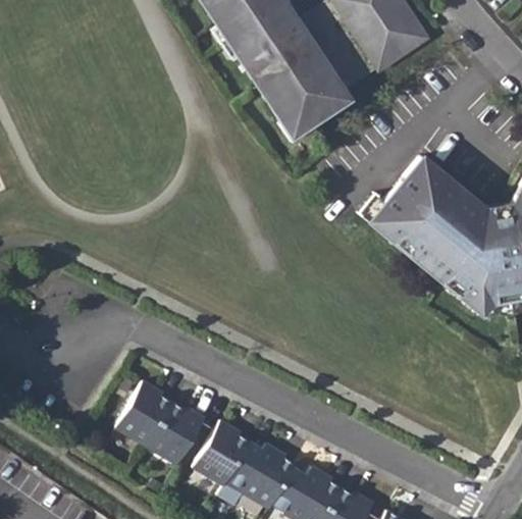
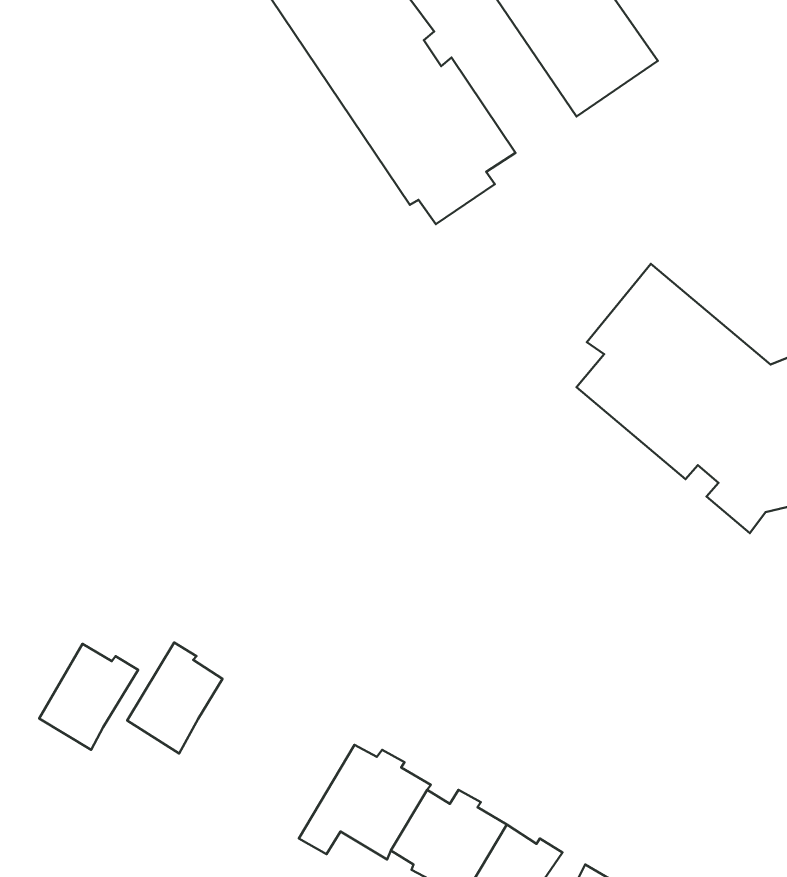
building: [148,402,206,464] -> [39,644,138,750]
building: [194,419,251,484] -> none

